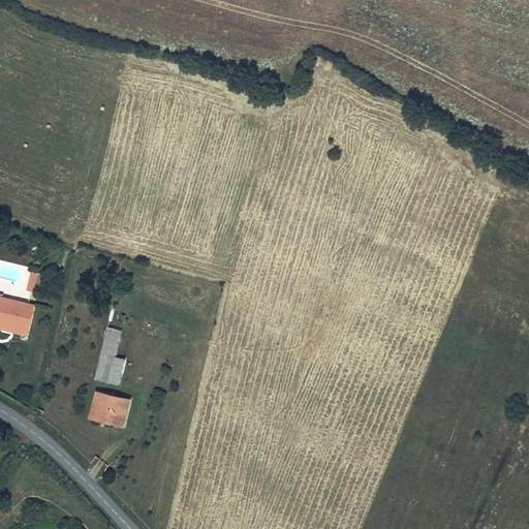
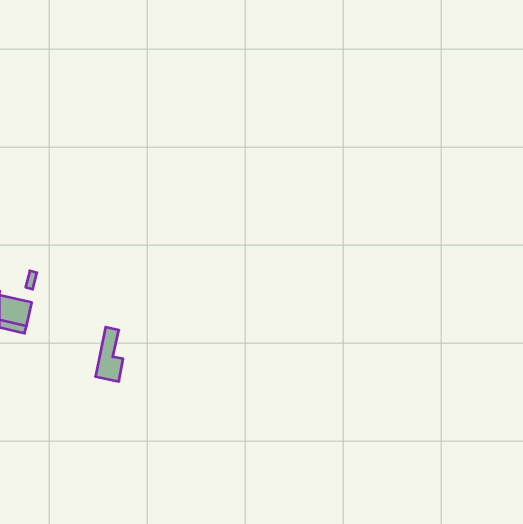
building: [91,393,128,425] -> none

